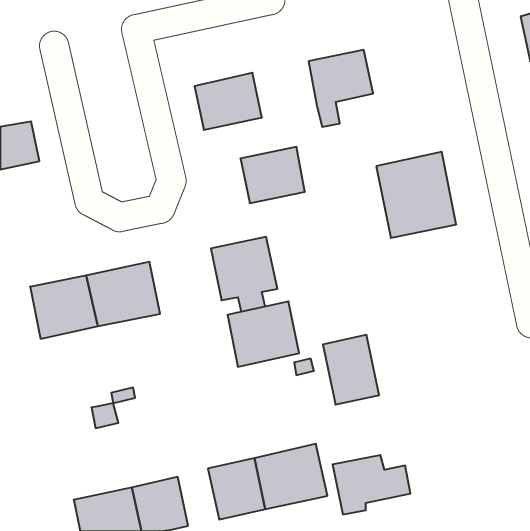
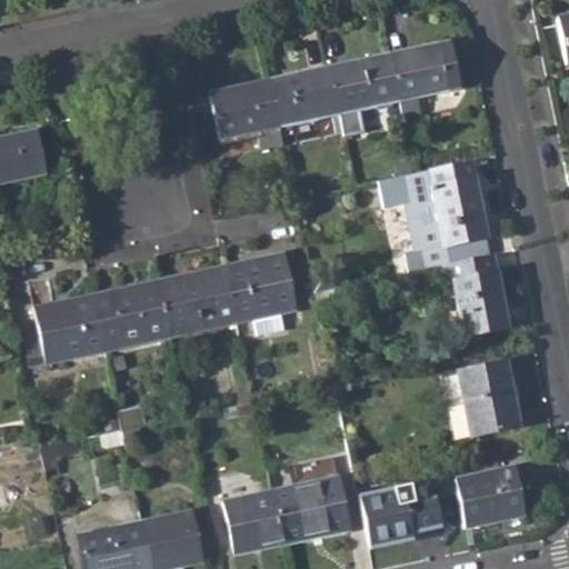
building: none -> [390,40,460,129]
building: [240,147,305,203] -> [271,66,340,126]
building: none -> [431,252,509,335]
building: [227,301,299,367] -> [161,266,238,336]
building: [323,335,379,405] -> [458,360,518,435]
building: none -> [453,468,523,530]

